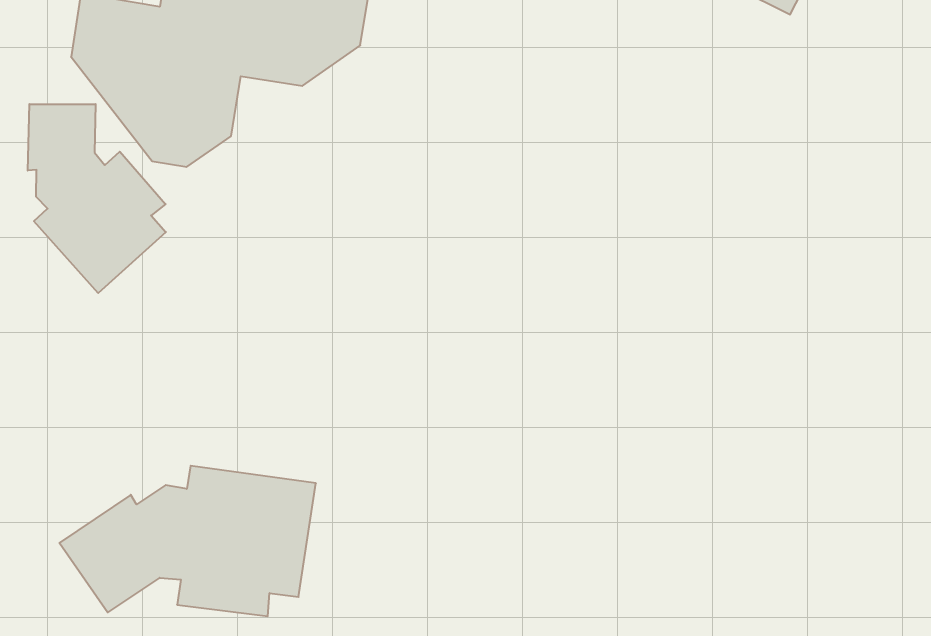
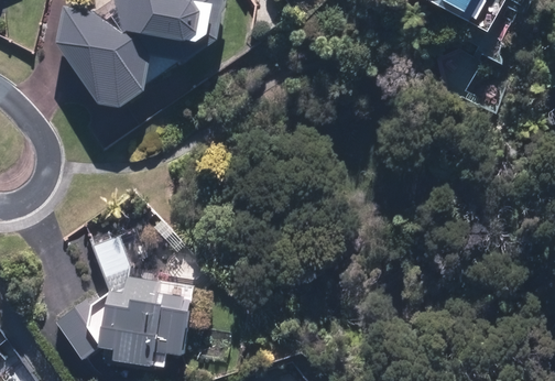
building: [28,104,166,293] -> none

